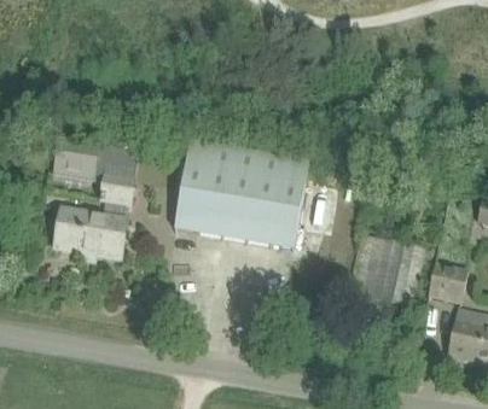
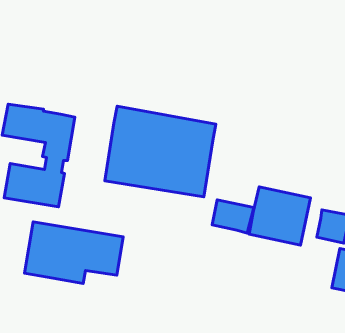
building: none -> [212,200,254,233]
building: none -> [25,222,123,283]

